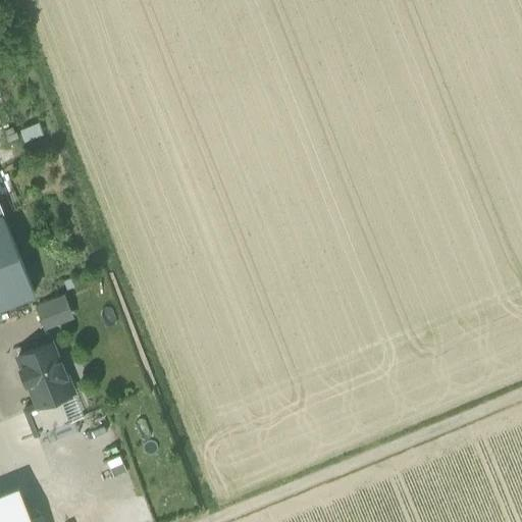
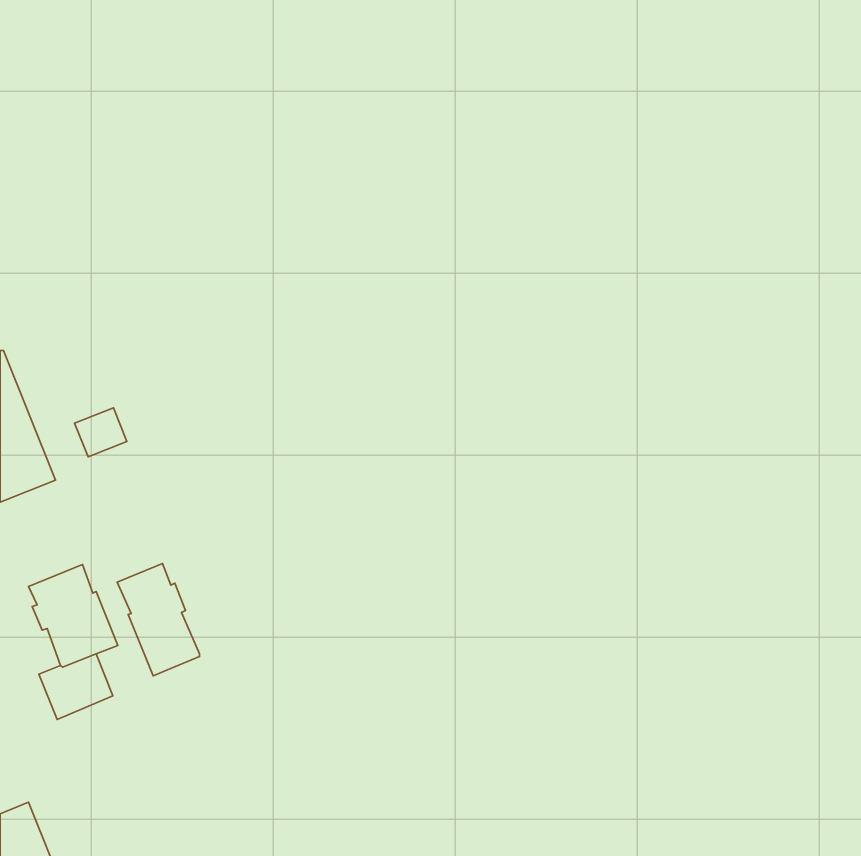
building: [36,300,67,329] -> [75,408,127,457]
building: none -> [117,564,200,676]

